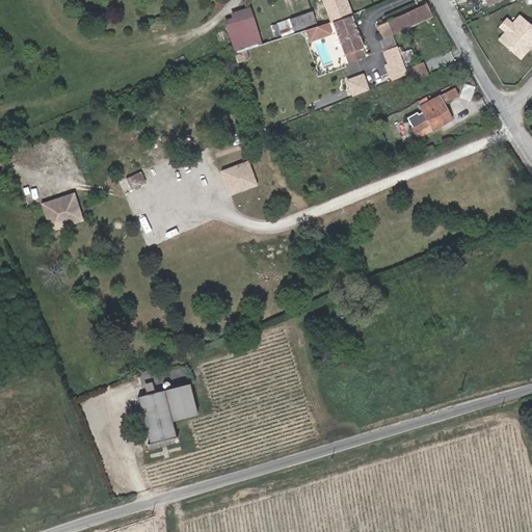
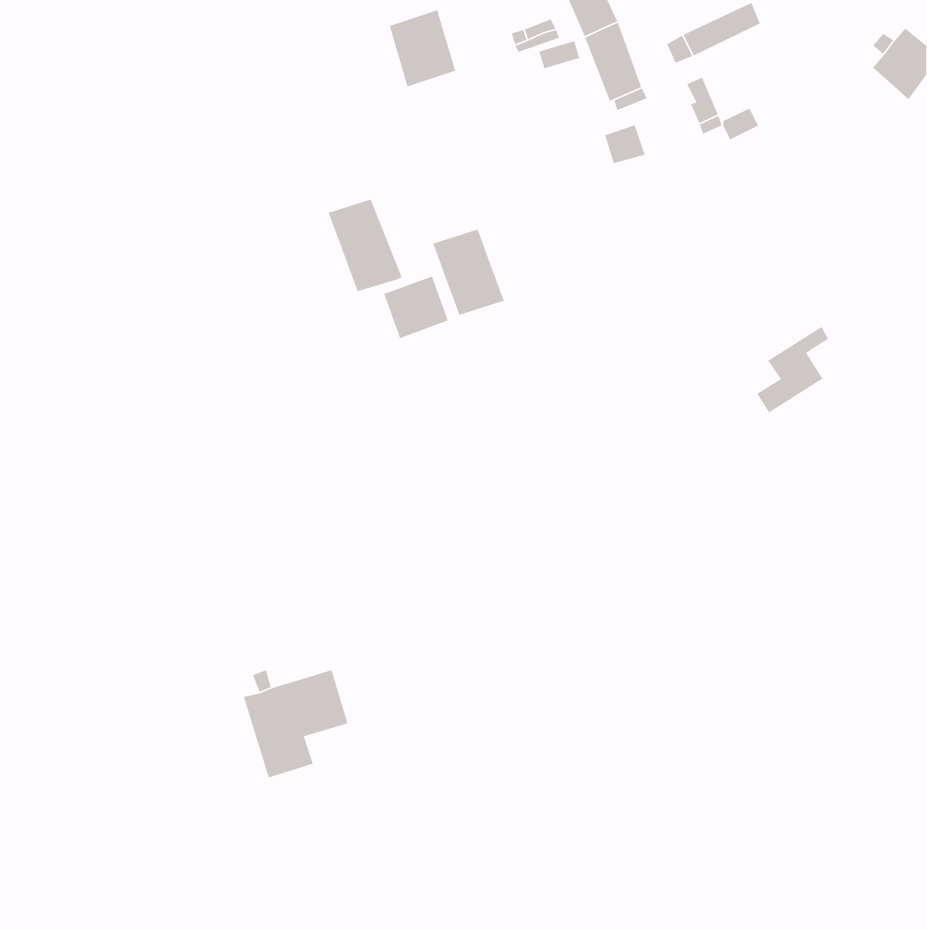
building: [414,91,455,141] -> [756,326,829,413]
building: none -> [327,198,403,293]
building: none -> [432,229,505,316]
building: [41,192,80,227] -> none

